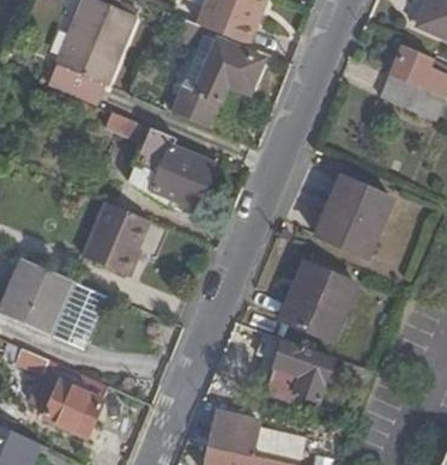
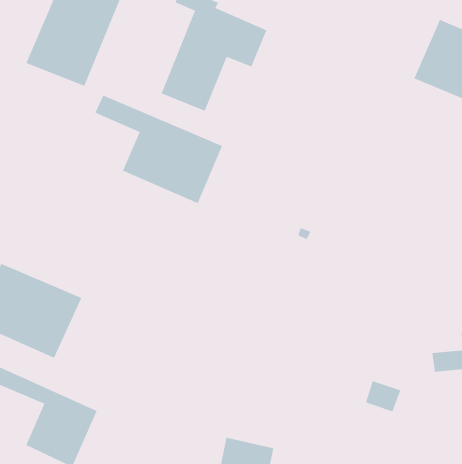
building: [318,176,392,254] -> none
building: [83,204,146,276] -> none
building: [270,262,340,337] -> none
building: [268,340,334,400] -> none

